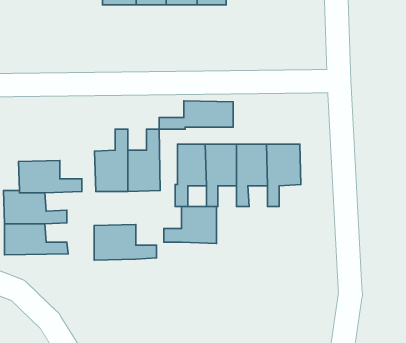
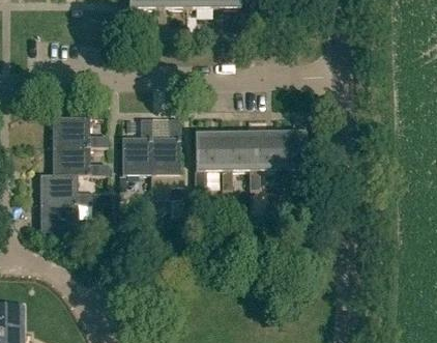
building: [159,101,233,129] -> none
building: [164,207,217,244] -> none
building: [94,224,157,260] -> [54,115,110,147]

